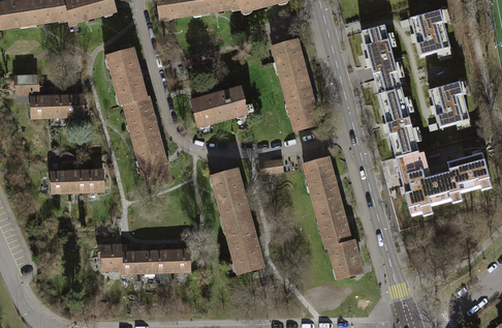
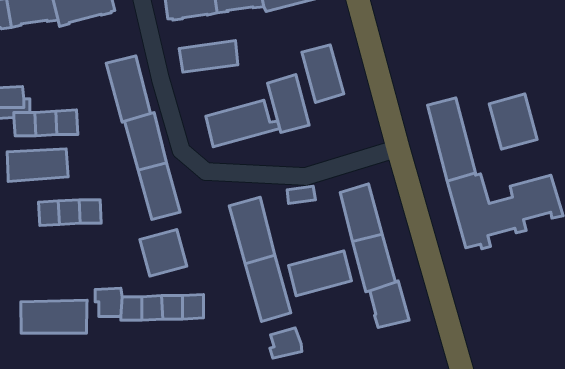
building: [409,9,449,56] -> none
building: [359,21,401,90] -> none
building: none -> [179,41,238,72]
building: [283,81,318,129] -> [267,75,309,132]
building: none -> [7,149,68,181]
building: none -> [140,229,187,276]
building: none -> [289,251,352,296]
building: none -> [21,300,87,333]
building: none -> [270,328,302,358]

